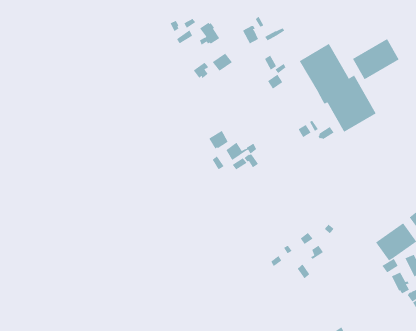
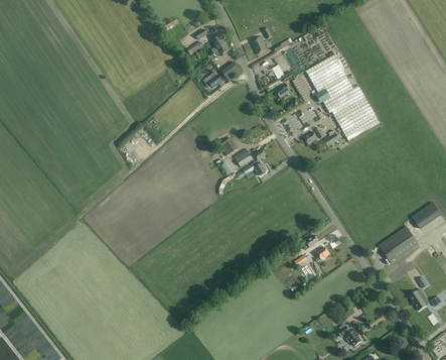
building: [352,38,400,80] -> none

